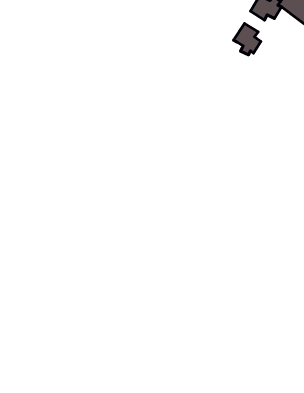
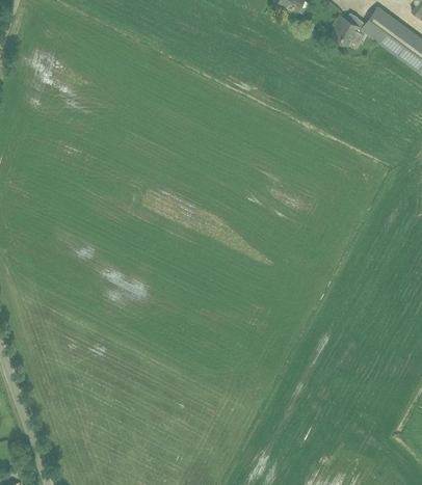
building: [233,23,261,55] -> none

